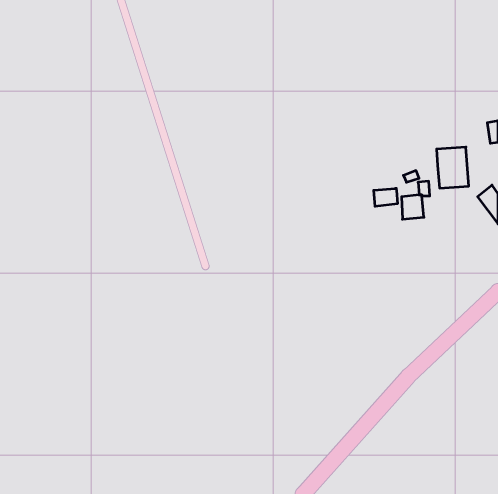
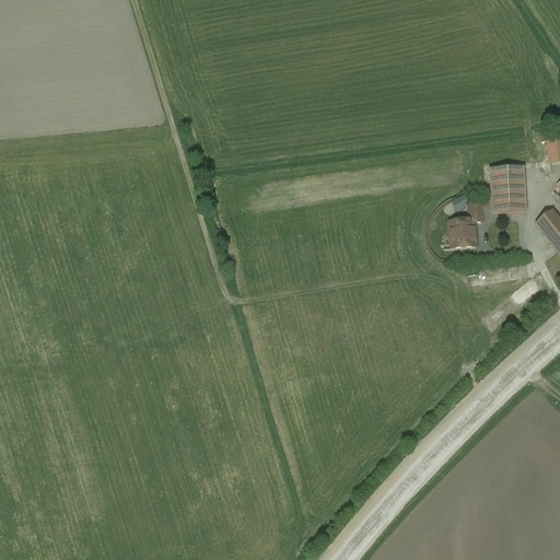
building: [374,188,397,206] -> none

